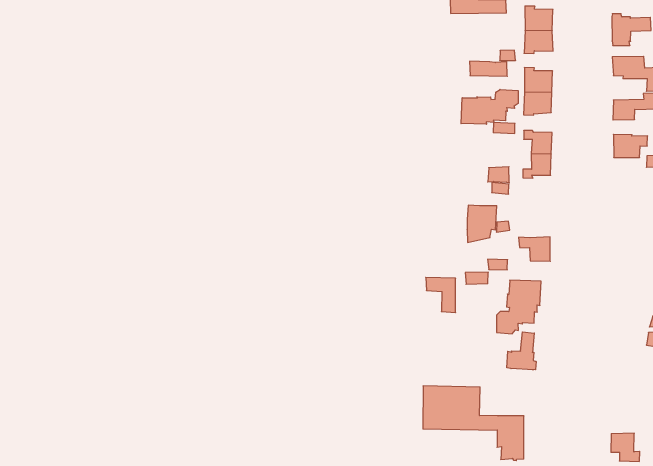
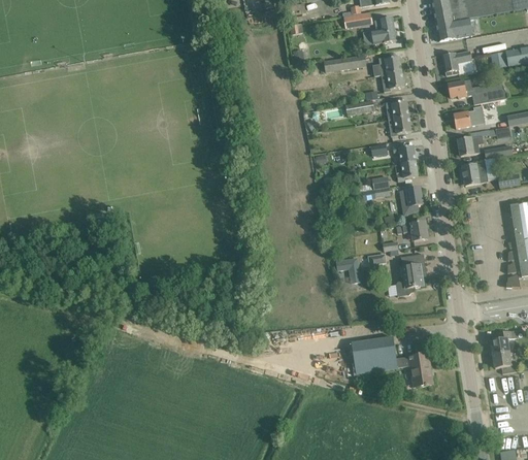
building: [461,89,518,124] -> none
building: none -> [460,162,488,185]
building: [467,205,497,242] -> [399,186,422,216]
building: [507,332,536,370] -> none
building: none -> [488,330,512,354]

